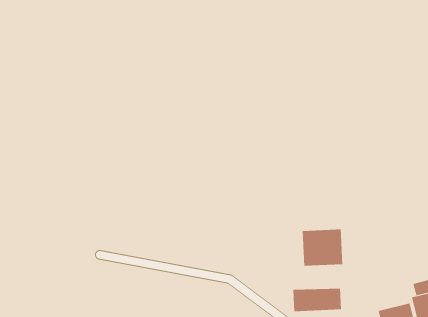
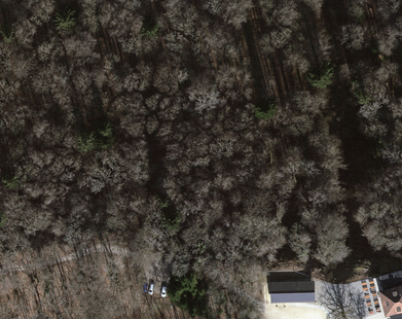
building: [302,229,343,266] -> none

